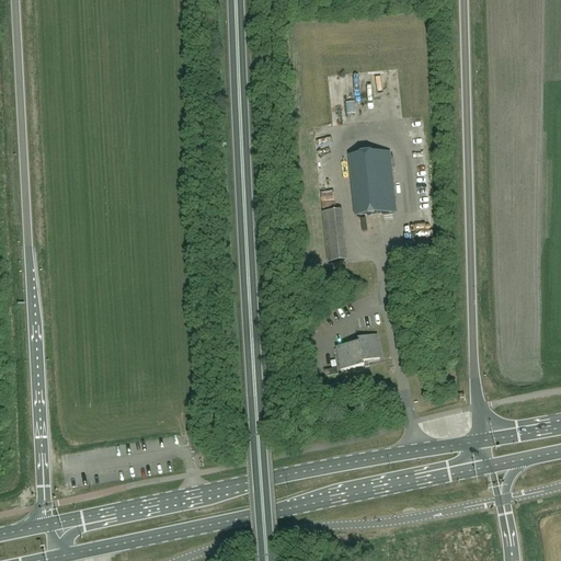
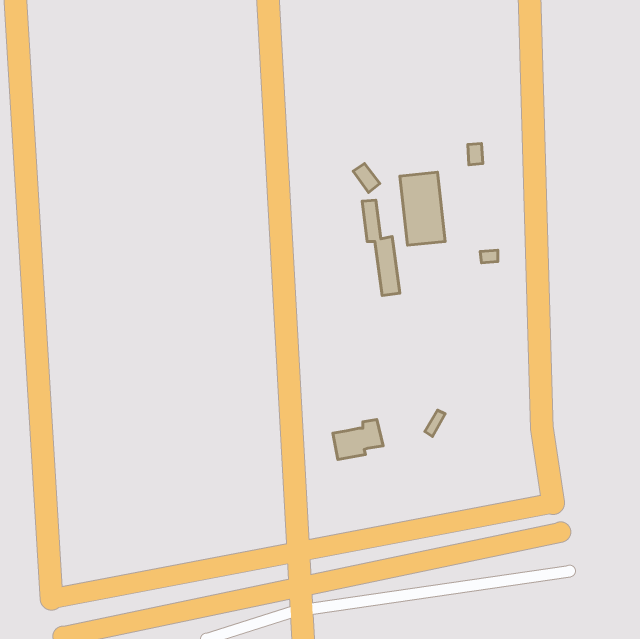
building: [334,333,378,368] -> [333,419,383,460]

